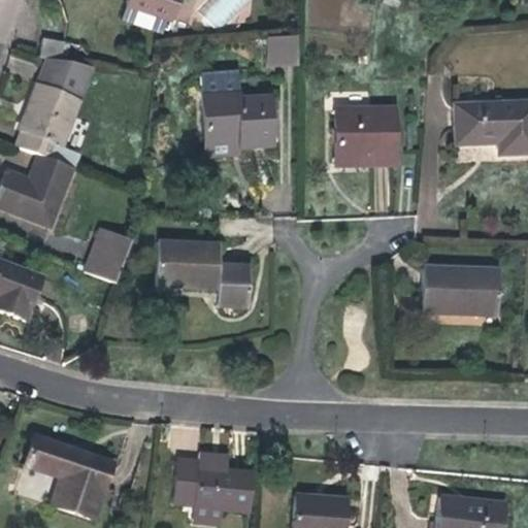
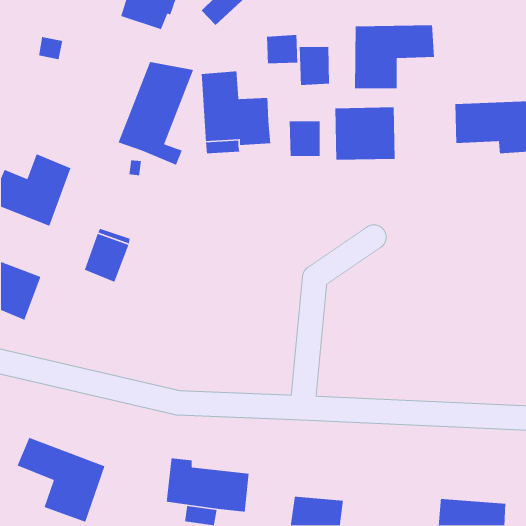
building: none -> [354,25,435,89]
building: none -> [299,46,330,86]
building: [15,63,92,167] -> [118,61,194,166]
building: none -> [289,120,320,157]
building: [157,239,252,306] -> none
building: [423,266,501,314] -> none

